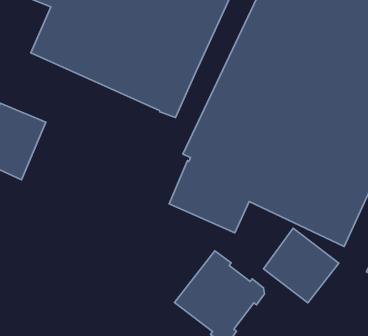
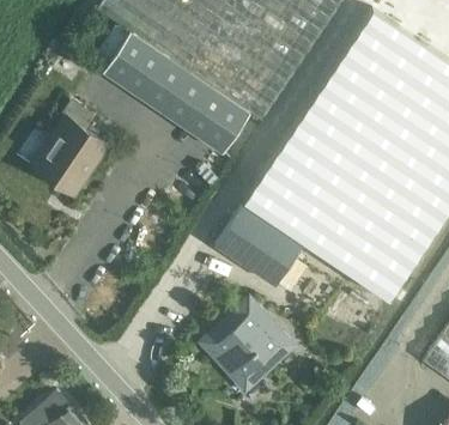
building: [264,228,339,303] -> none

